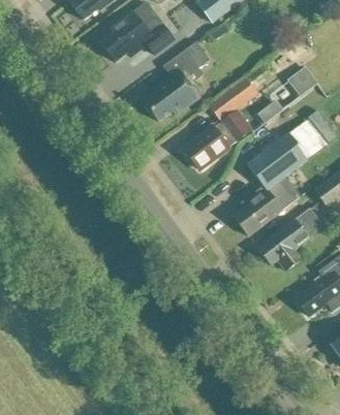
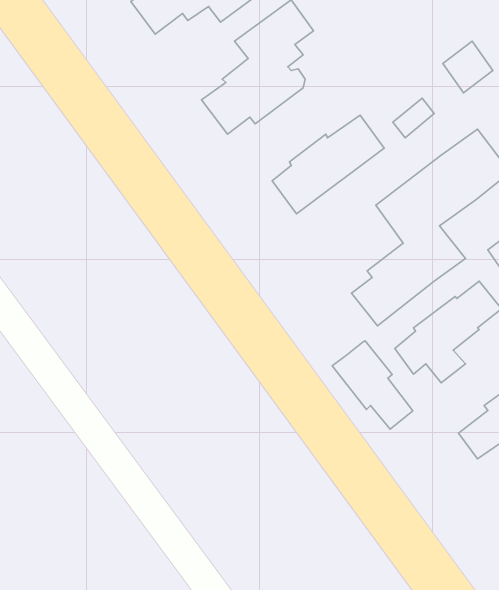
building: [209,76,257,121] -> none
building: none -> [332,341,413,429]

